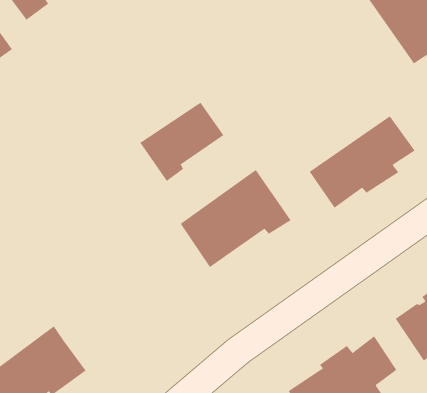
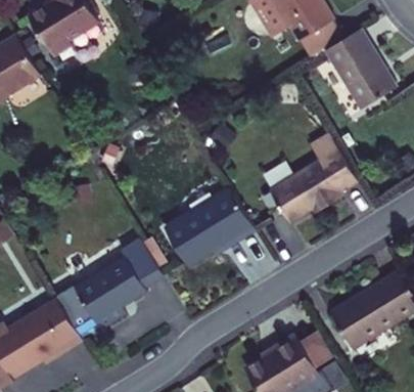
building: [140,102,224,182] -> none
building: none -> [65,237,164,338]

